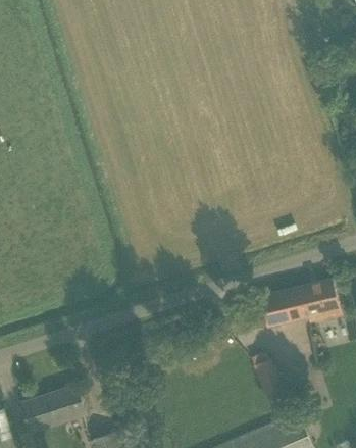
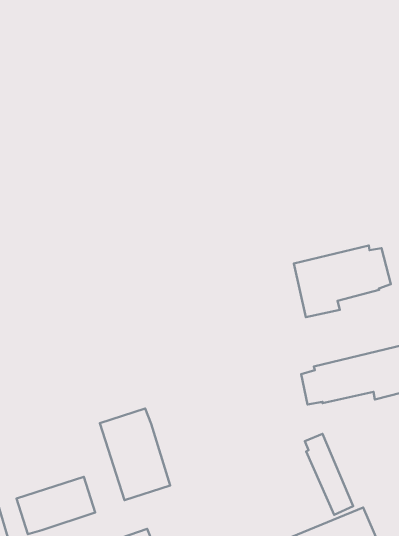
building: none -> [294,246,391,317]
building: none -> [100,408,170,500]

